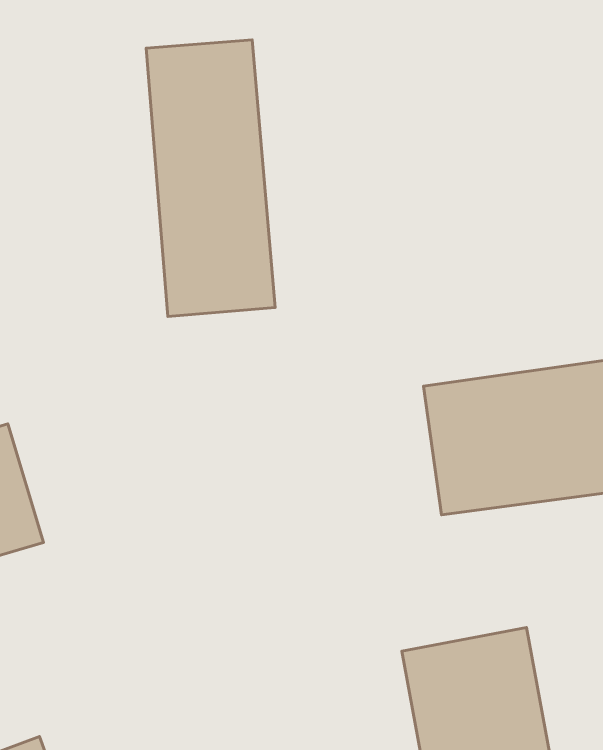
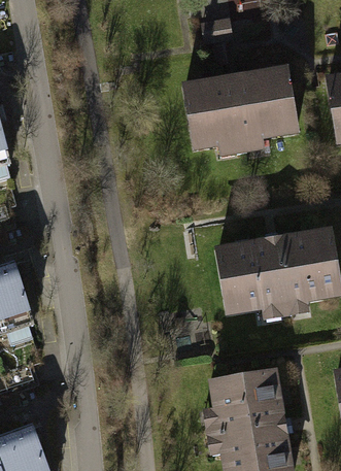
building: [146,40,275,316] -> none
building: none -> [193,76,296,153]

